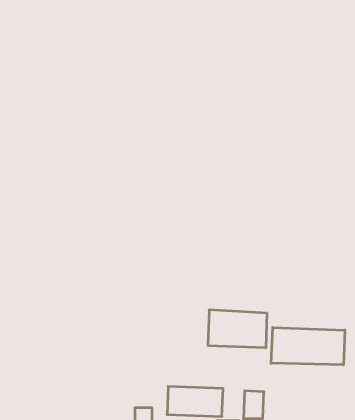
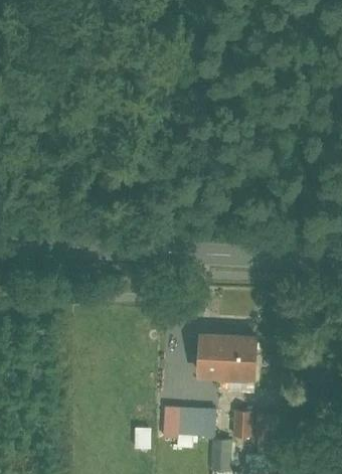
building: [271,327,345,365] -> none

